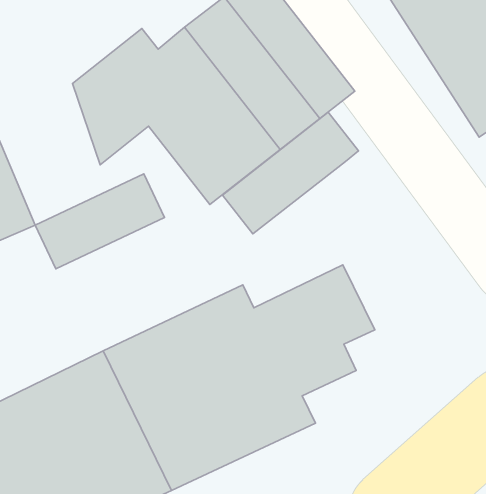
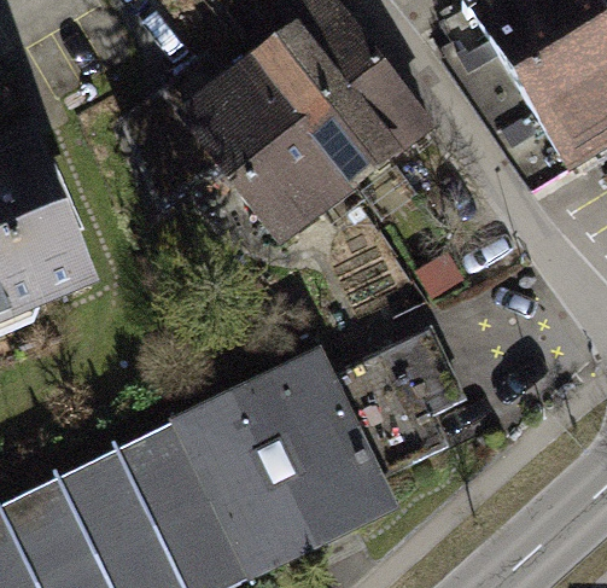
building: [222,112,358,234] -> none
building: [35,174,165,269] -> none

